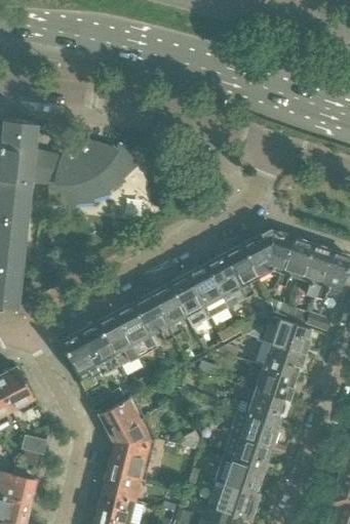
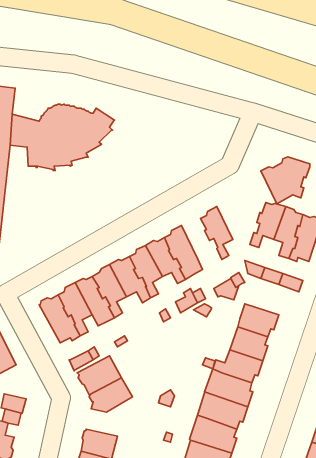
building: [241,230,291,278] -> [261,157,310,204]
building: [205,256,246,304] -> none
building: [270,319,310,355] -> none
building: [108,439,155,480] -> none

